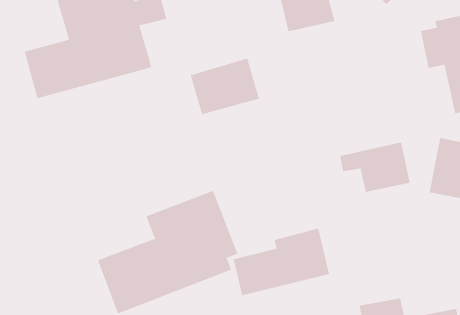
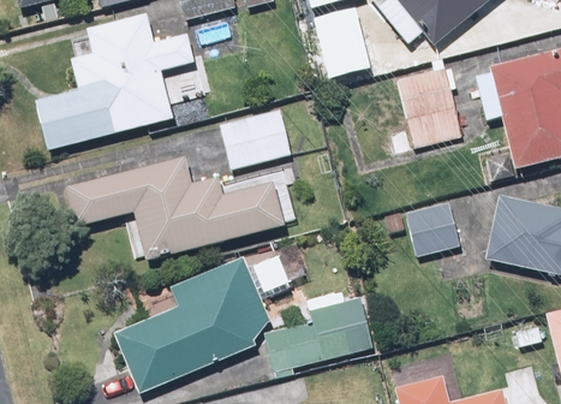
building: none -> [393,70,462,149]
building: none -> [65,154,284,261]

